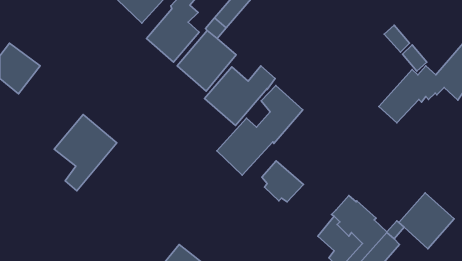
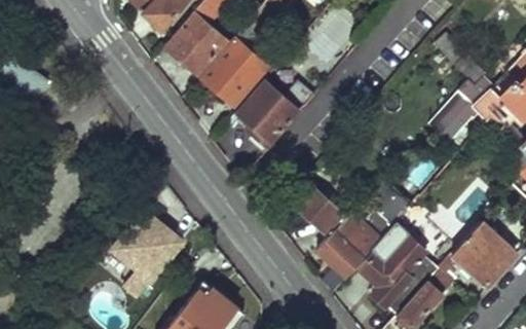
building: [217,85,303,175] -> [317,177,415,279]
building: [54,115,117,191] -> [113,210,184,296]

